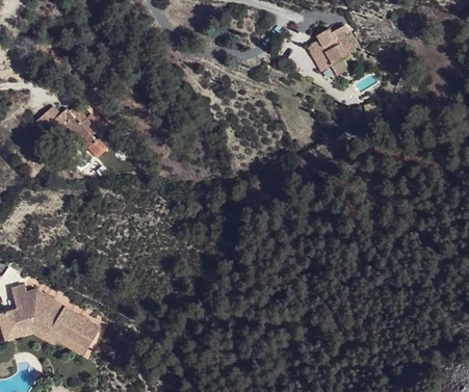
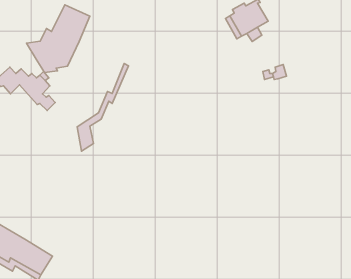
building: none -> [27,5,90,73]
building: none -> [77,64,129,151]

